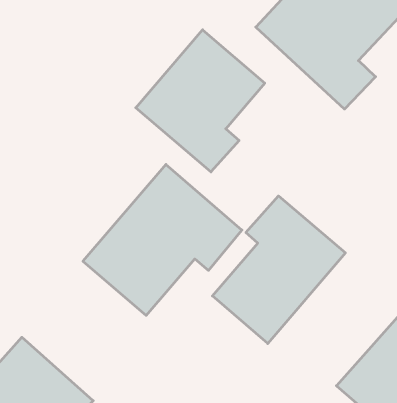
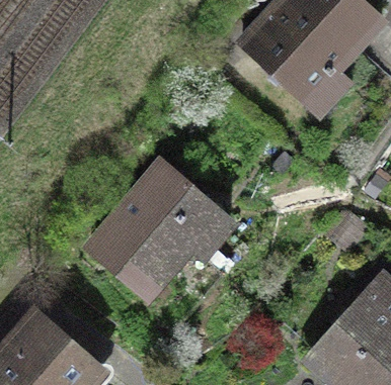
building: [136,30,265,172] -> none
building: [212,196,345,344] -> none

